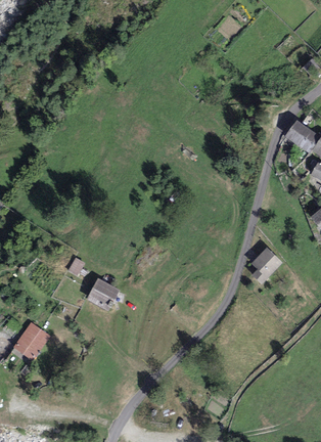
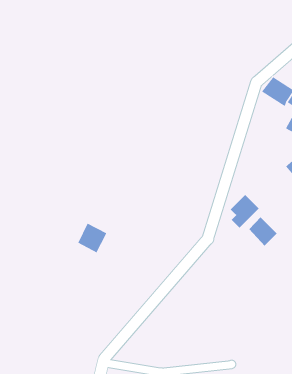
building: none -> [248,216,277,246]
building: [12,321,50,360] -> none

